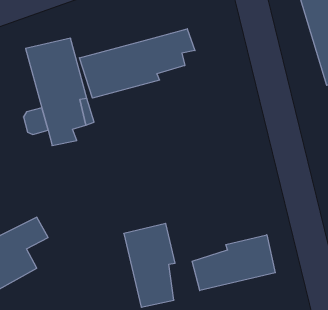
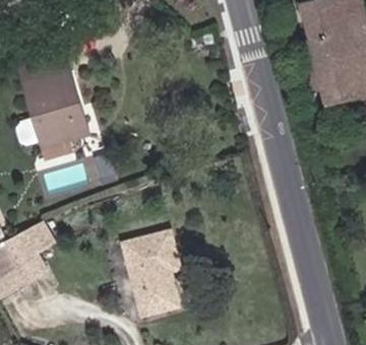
building: [79,29,195,98] -> none
building: [192,235,275,291] -> none

